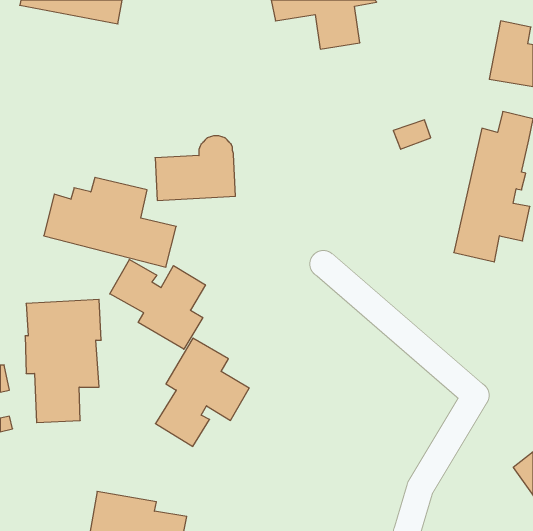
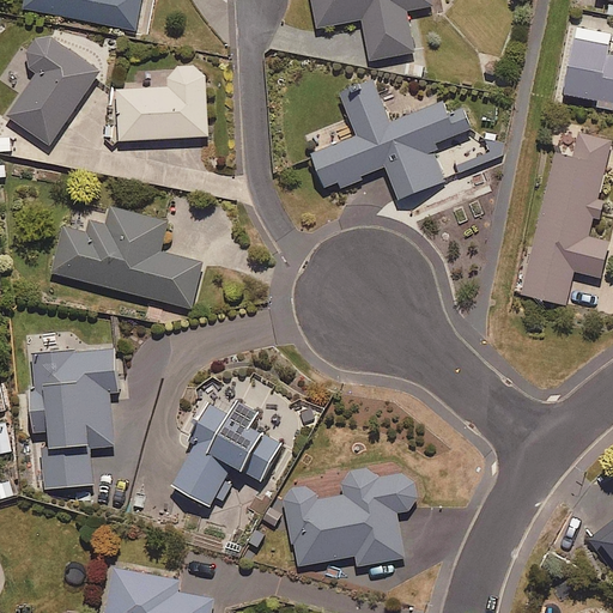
building: none -> [6,36,99,144]
building: none -> [311,79,471,199]
building: [155,136,235,200] -> [115,63,207,138]
building: [110,259,205,349] -> none
building: none -> [283,468,415,566]

